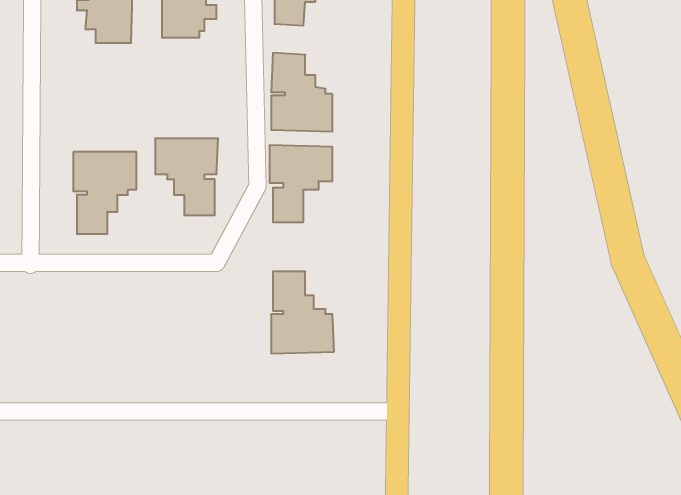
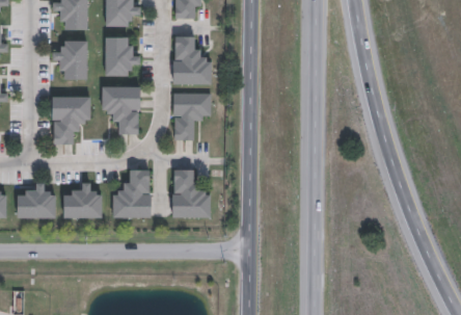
building: none -> [105,36,141,76]
building: none -> [51,41,88,79]
building: none -> [112,169,151,217]
building: none -> [62,182,101,218]
building: none -> [17,183,55,217]

